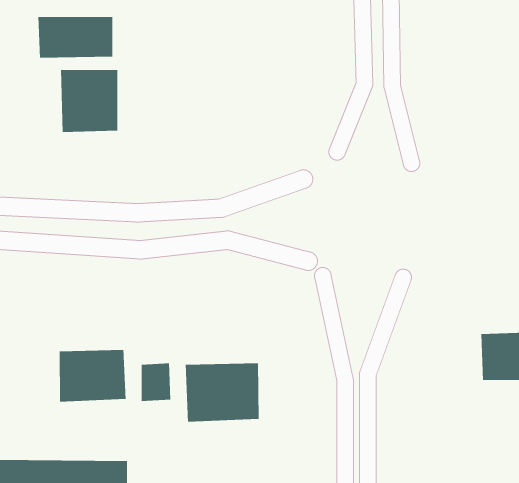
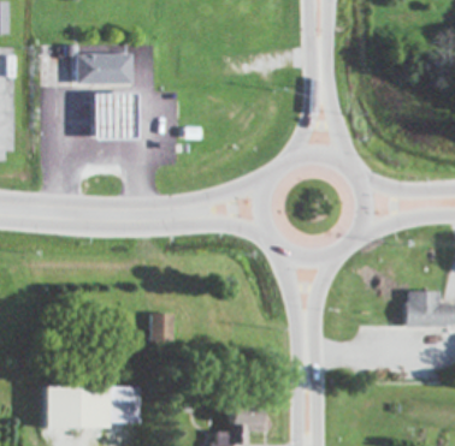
building: [59,349,126,402] -> none
building: [185,362,259,423] -> none

